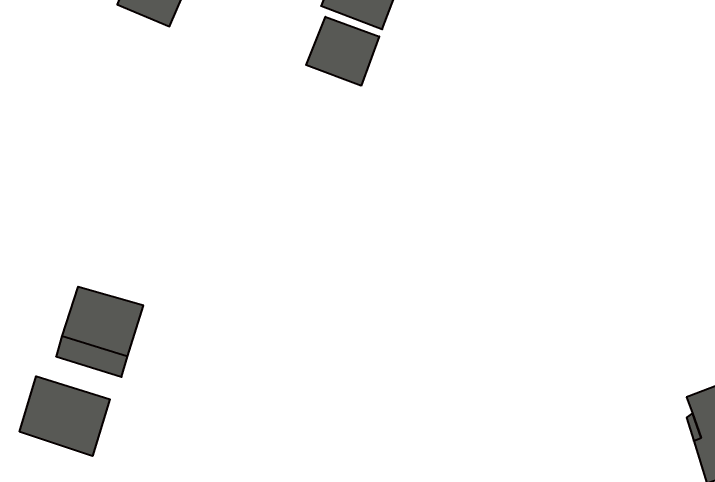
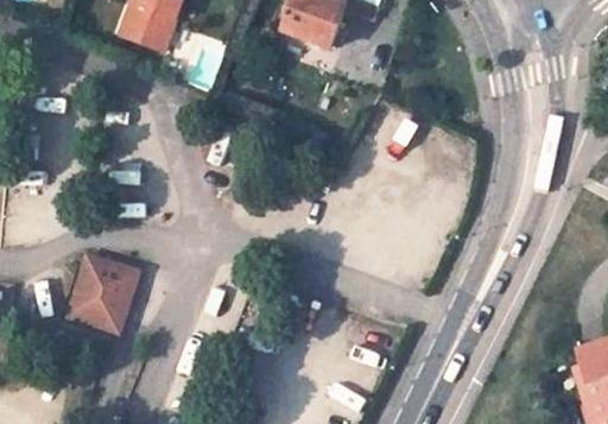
building: [306,17,379,86] -> none
building: [20,376,110,456] -> none

